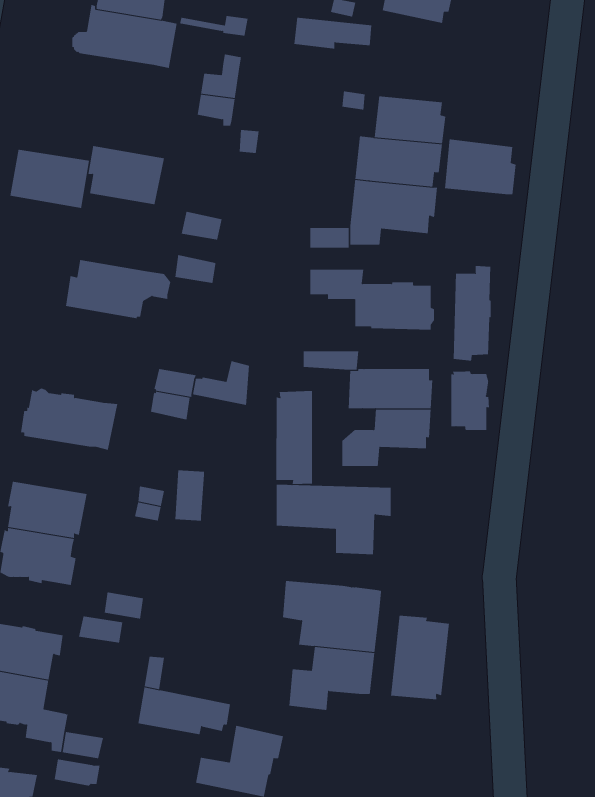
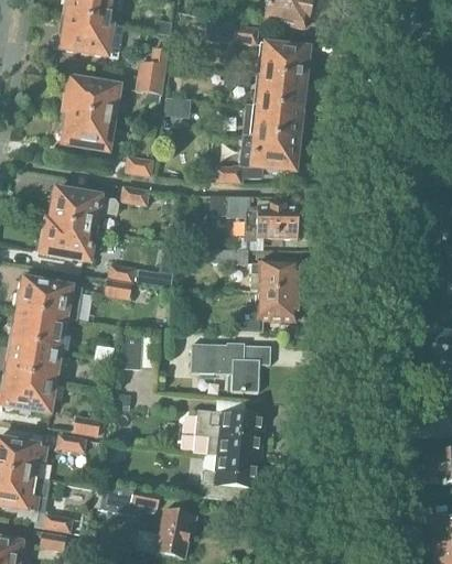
building: [444,139,516,195] -> [261,42,311,80]
building: [10,149,90,209] -> [65,78,120,119]
building: [453,265,491,361] -> none
building: none -> [41,220,96,261]
building: [451,370,489,431] -> none
building: [276,390,313,485] -> none
building: none -> [10,310,67,349]
building: [391,615,450,700] -> none

